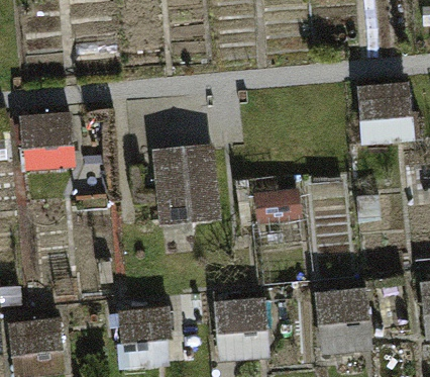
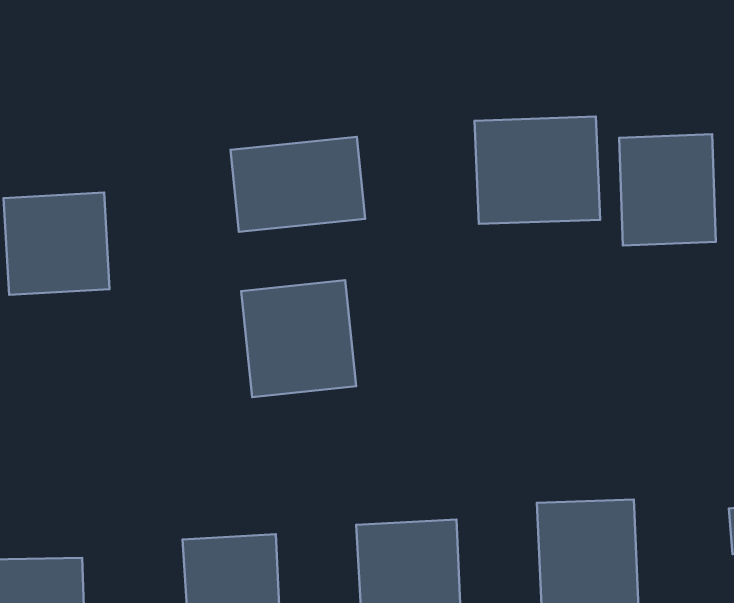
building: none -> [475,117,600,224]
building: none -> [230,137,365,232]

